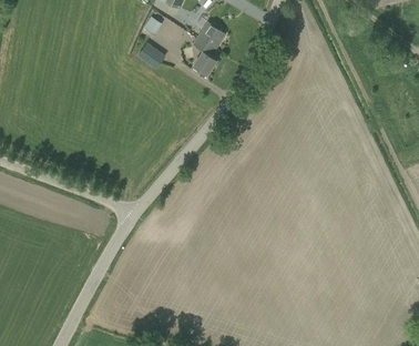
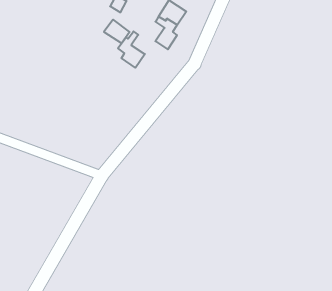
building: none -> [118,31,145,68]

